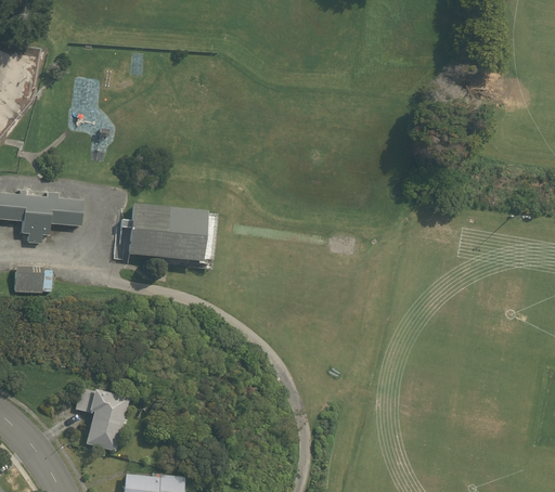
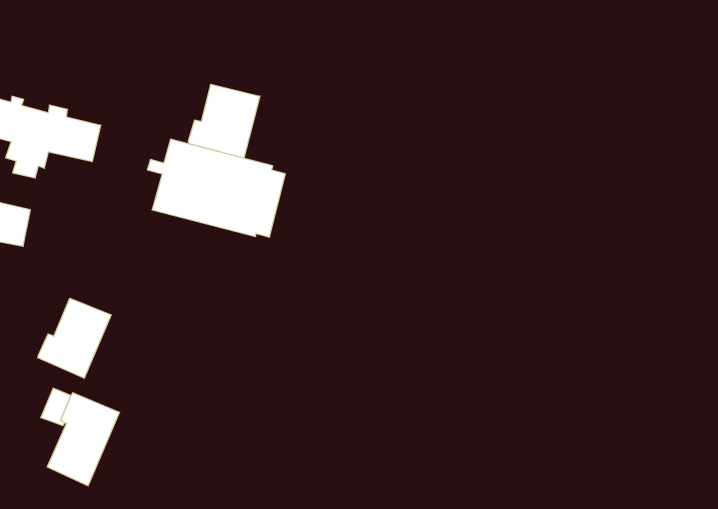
building: none -> [189,84,260,158]
building: none -> [38,298,111,378]

